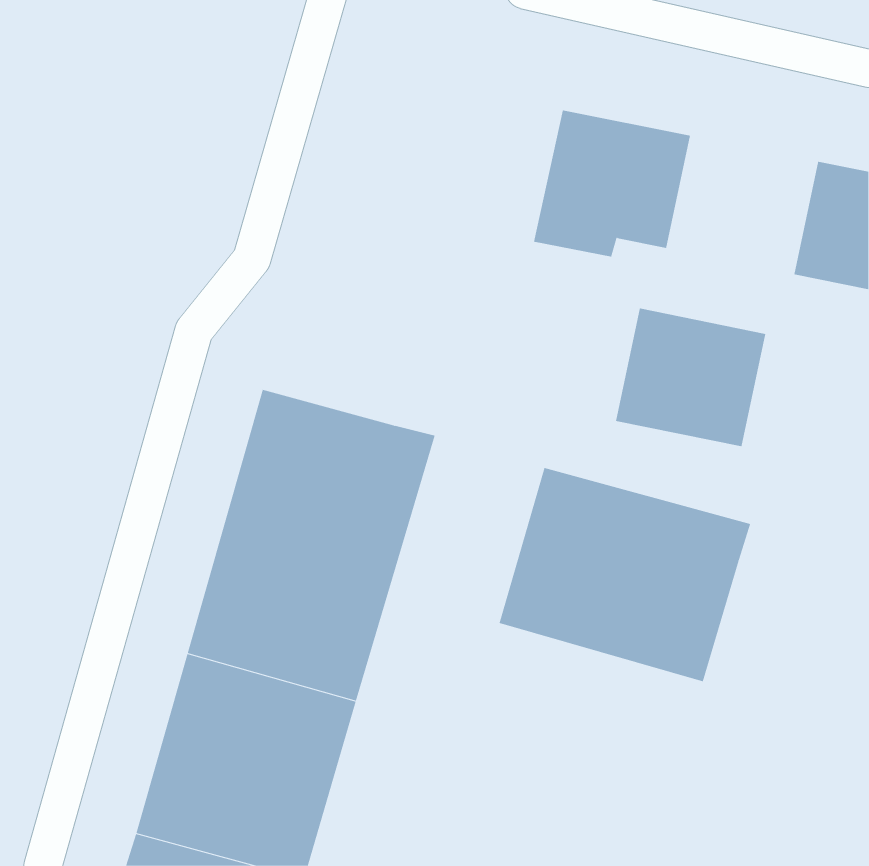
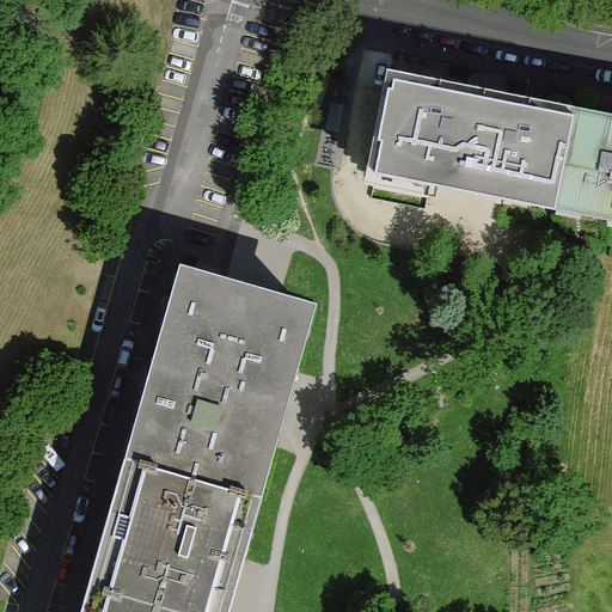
building: [615,308,766,447] -> [465,94,570,191]
building: [499,467,751,682] -> none

